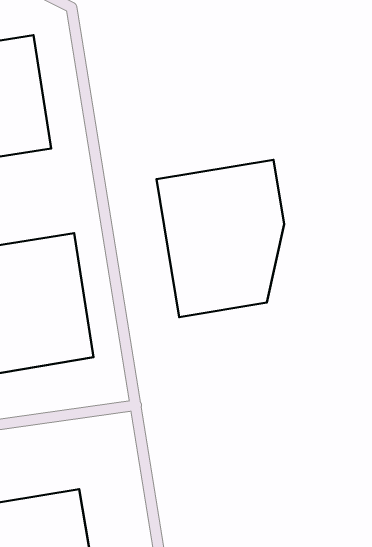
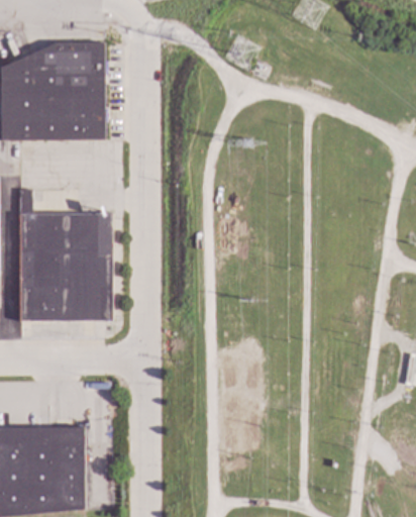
building: [157,160,284,317] -> none

